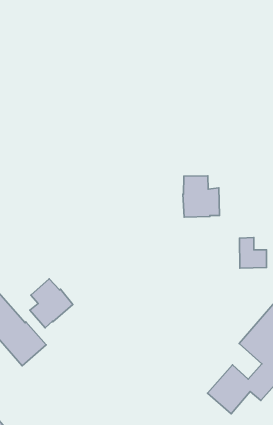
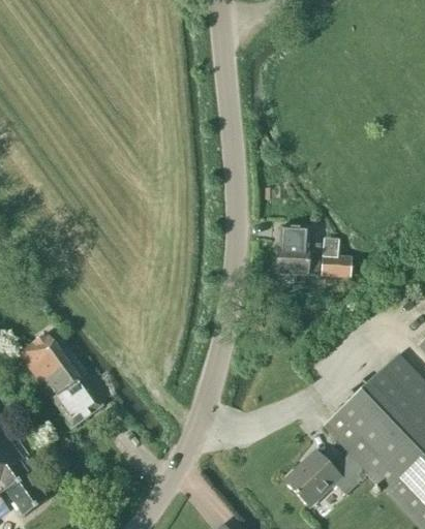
building: [239,238,266,268] -> [320,240,353,277]
building: [30,279,73,328] -> none

